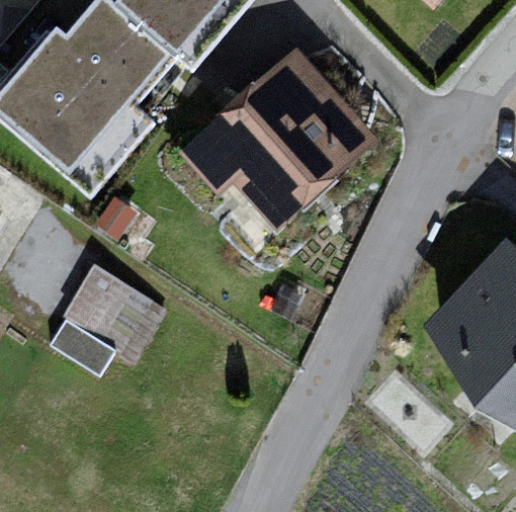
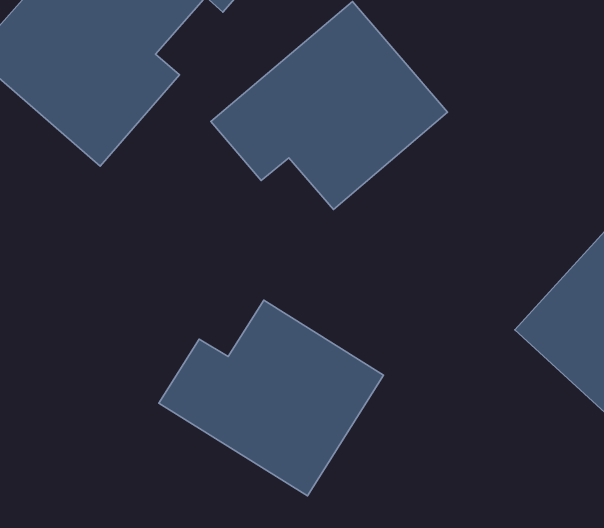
building: [47,265,162,374] -> none
building: none -> [159,300,384,496]

